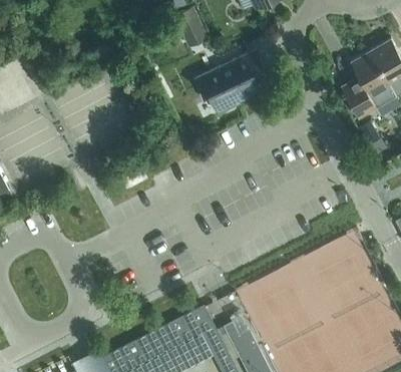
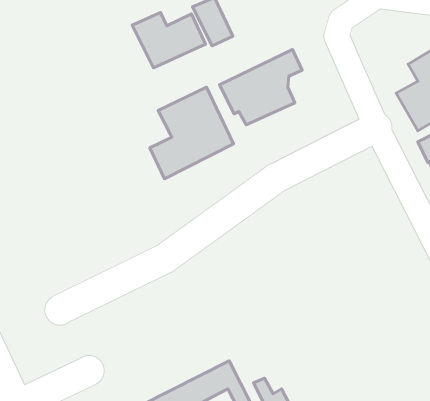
building: none -> [132,12,206,68]
building: none -> [150,87,233,179]

